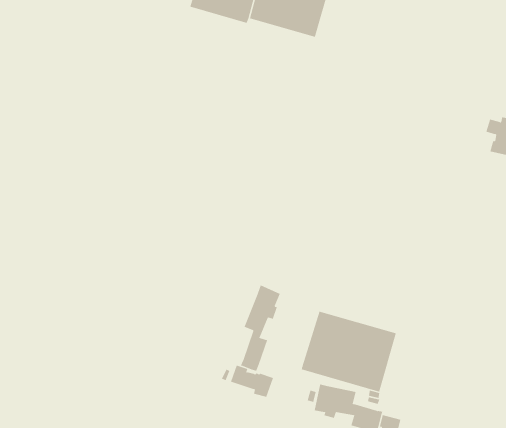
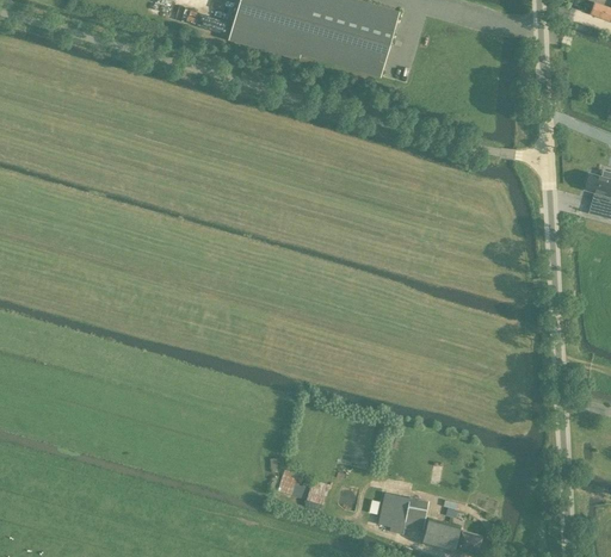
building: [240,285,280,372] -> none
building: [301,311,397,393] -> none

